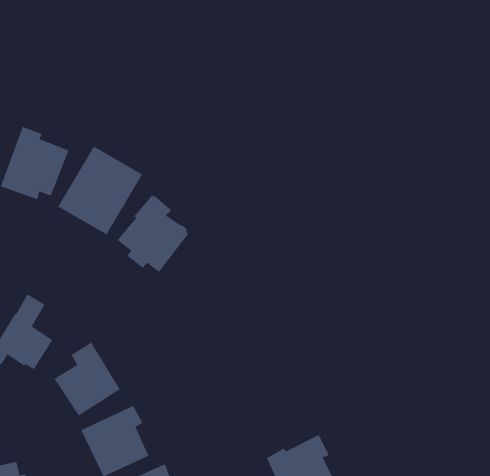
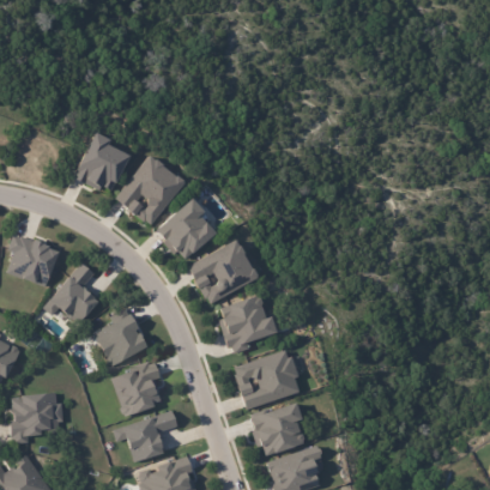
building: none -> [188,241,258,303]
building: none -> [222,297,278,353]
building: none -> [232,350,300,410]

